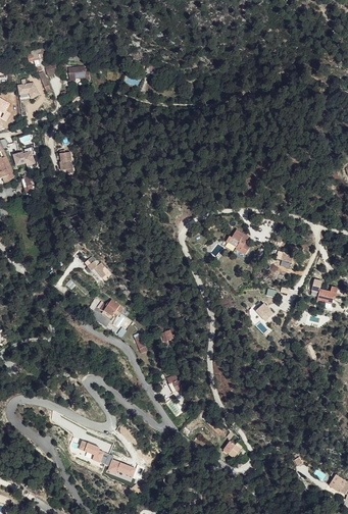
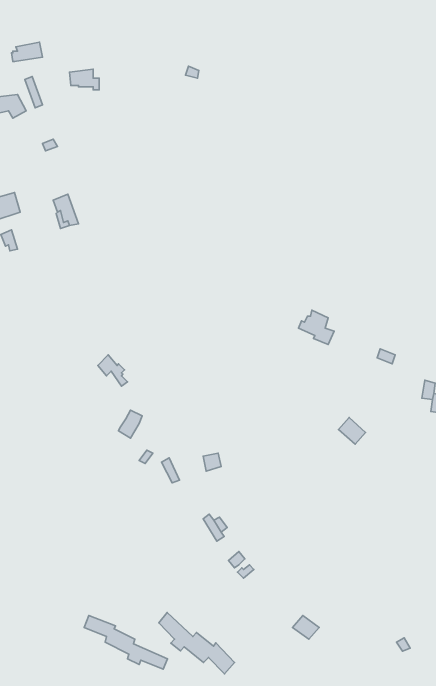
building: none -> [159,612,234,674]

